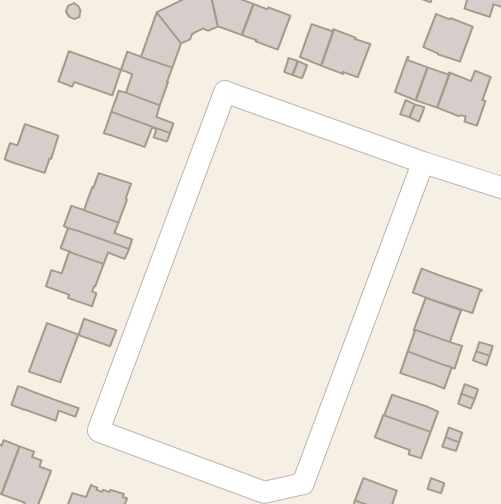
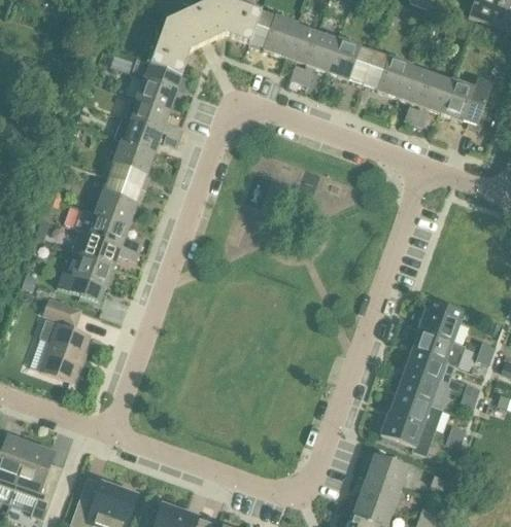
building: [423,14,473,62] -> [363,50,411,97]
building: none -> [284,23,317,63]
building: [58,51,121,96] -> none
building: [5,124,58,173] -> [102,139,155,186]
building: [413,269,482,313] -> none
building: [79,319,116,346] -> [44,297,81,324]
building: none -> [396,371,450,409]
building: [12,386,79,421] -> none
building: none -> [368,452,409,486]

